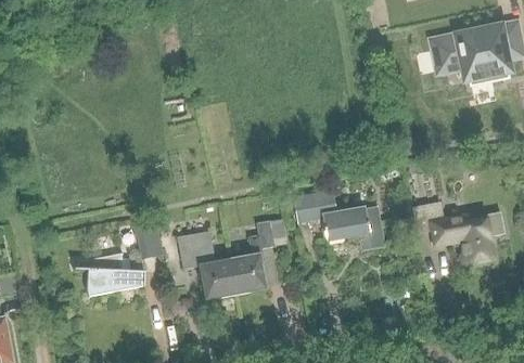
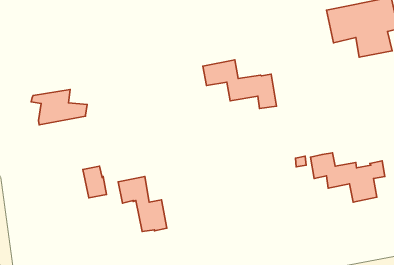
building: [293,191,383,250] -> [203,60,276,109]
building: [230,221,273,295] -> none
building: [76,252,144,296] -> [31,89,87,125]

